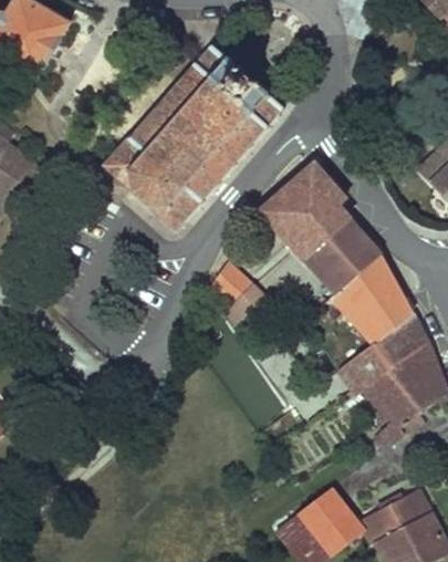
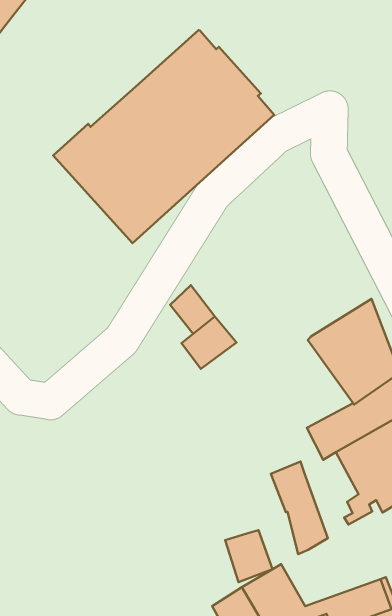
building: [261,165,382,293] -> none
building: none -> [271,462,328,554]
building: none -> [225,530,272,582]

